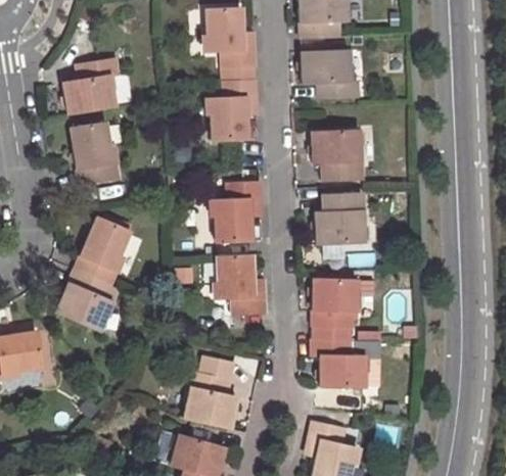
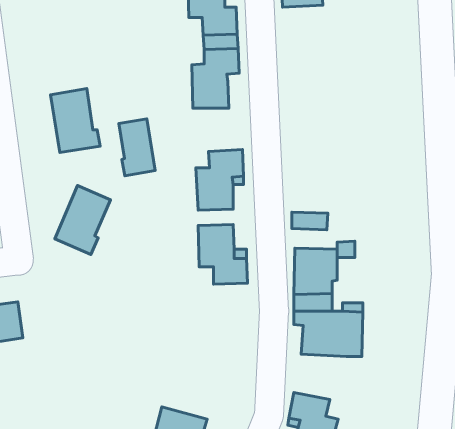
building: [301,50,357,97] -> none
building: [63,58,119,113] -> none
building: [313,130,360,179] -> none
building: none -> [119,119,155,176]
building: [316,192,363,241] -> none
building: [56,270,111,329] -> none
building: [185,358,237,429] -> none

